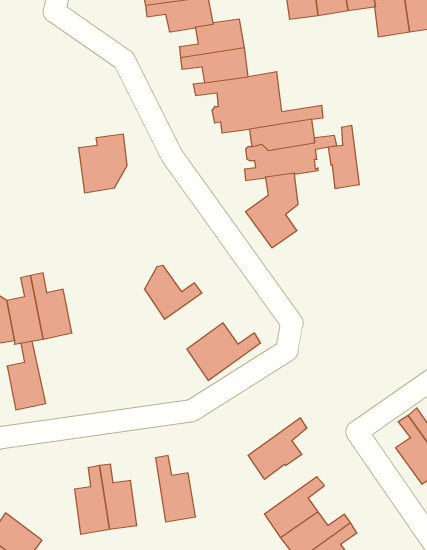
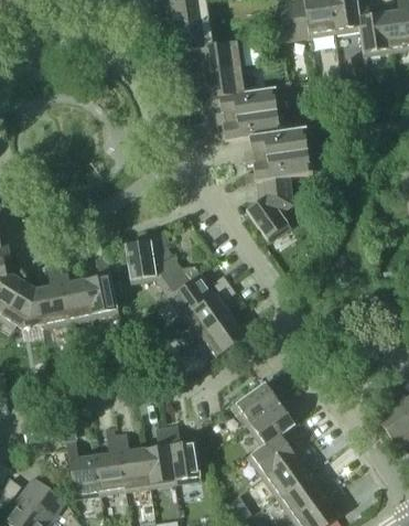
building: [329,125,359,189] -> none
building: [78,134,127,193] -> [125,230,168,282]
building: none -> [174,275,236,331]
building: [7,341,46,410] -> [85,256,119,316]
building: none -> [233,380,294,425]
building: none -> [144,427,175,486]
building: none -> [247,432,309,476]
building: none -> [66,440,100,497]

